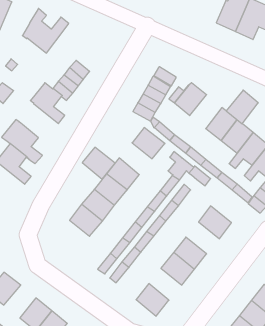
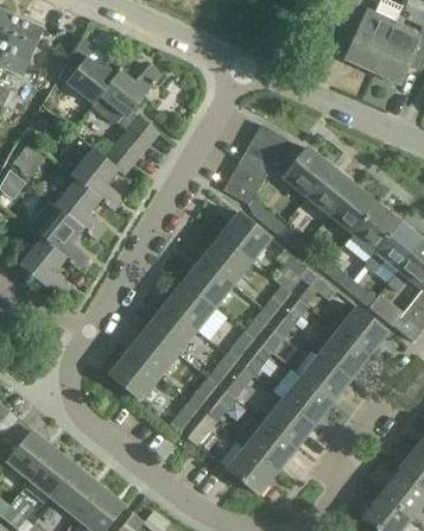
building: none -> [90,64,162,124]
building: [226,90,258,124] -> [306,166,354,216]
building: none -> [53,179,105,239]
building: [82,147,115,179] -> [202,238,251,285]
building: none -> [337,309,387,356]
building: none -> [109,353,158,399]
building: none -> [300,355,350,403]
building: none -> [246,424,295,472]
building: none -> [31,449,78,498]

